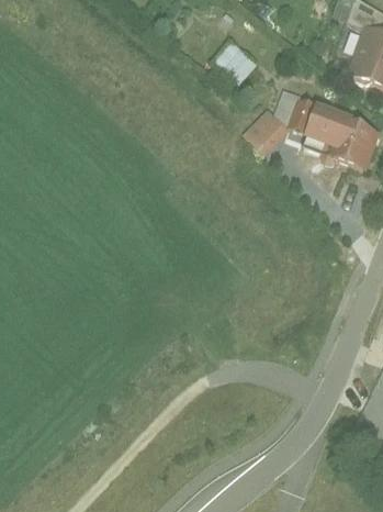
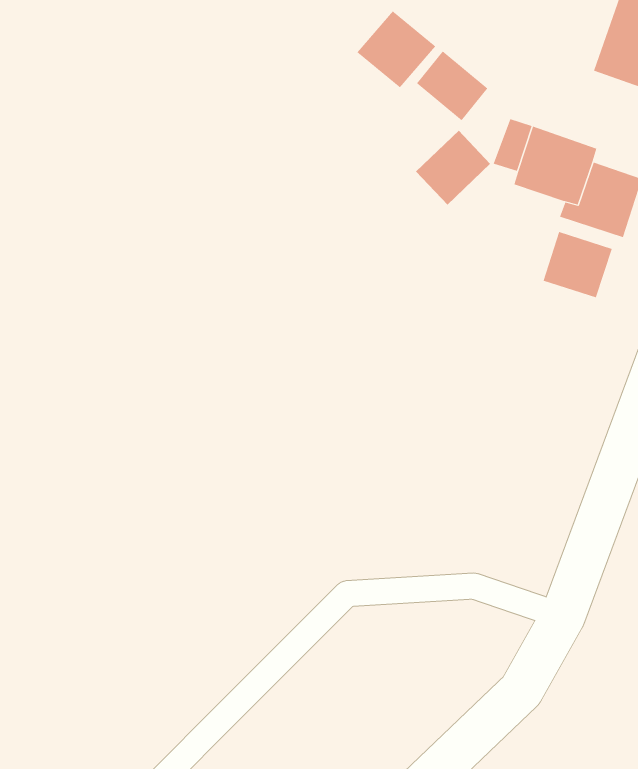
building: none -> [416,51,488,121]
building: none -> [543,231,612,298]

